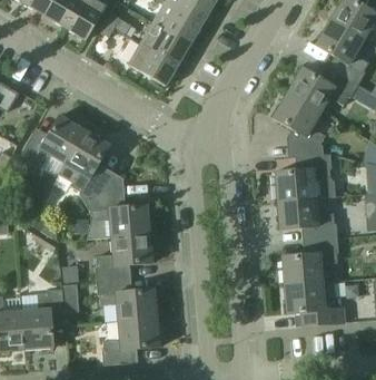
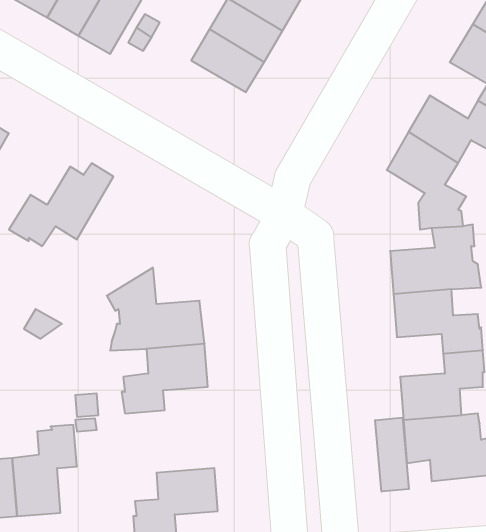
building: [128,43,178,86] -> none
building: [58,121,116,202] -> none
building: [97,279,157,321] -> none
building: none -> [375,418,409,492]

